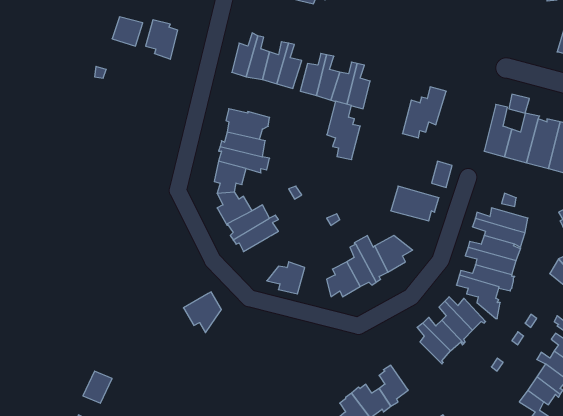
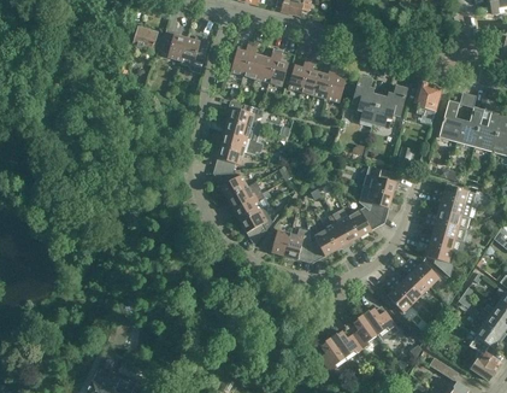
building: none -> [179,37,210,74]
building: none -> [413,77,442,118]
building: [327,101,360,160] -> [352,75,379,123]
building: none -> [359,187,394,219]
building: none -> [285,228,313,260]
building: [183,292,221,333] -> [241,207,272,241]
building: none -> [362,307,397,341]

